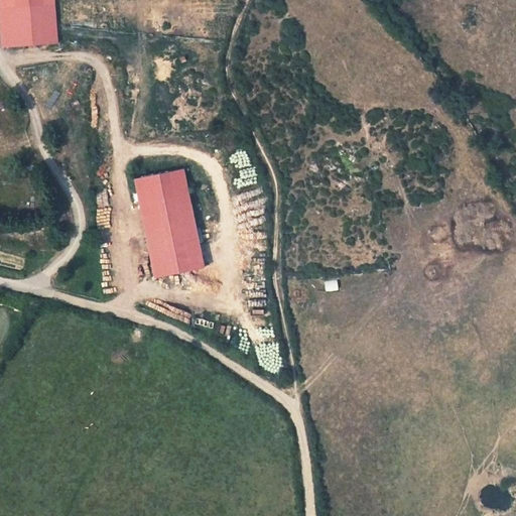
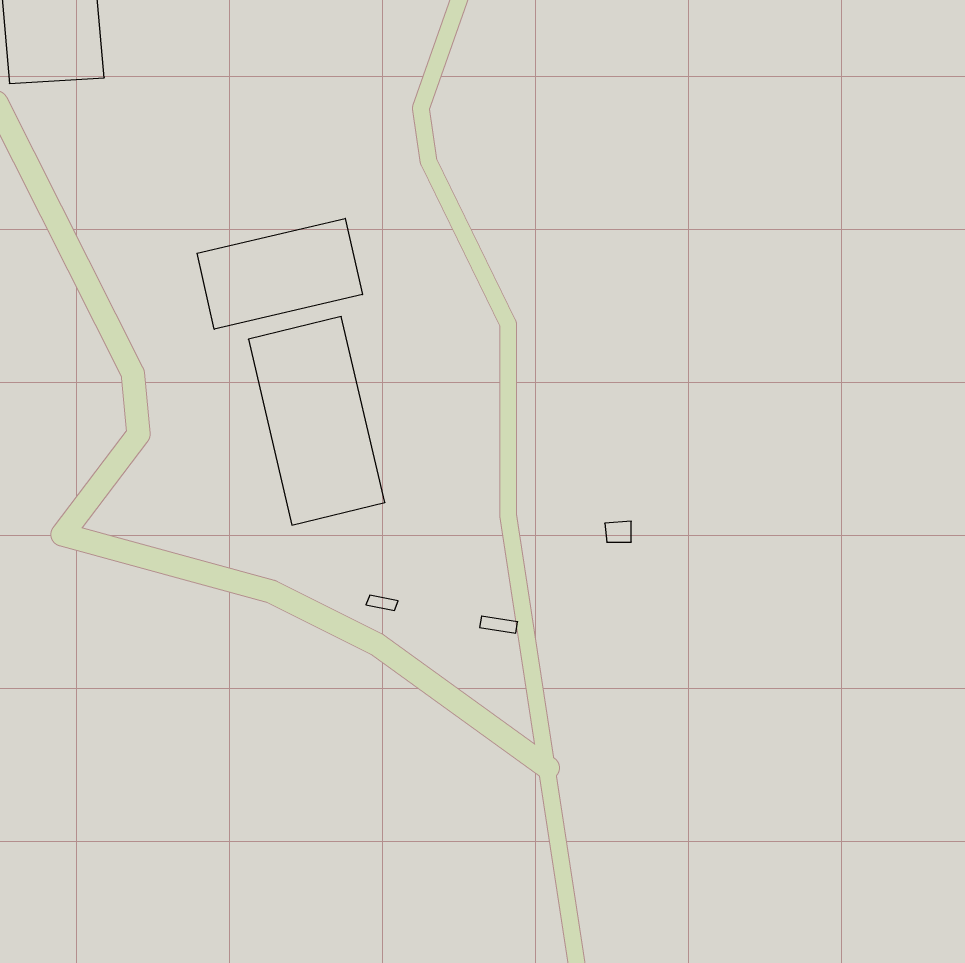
building: none -> [197,218,362,329]

